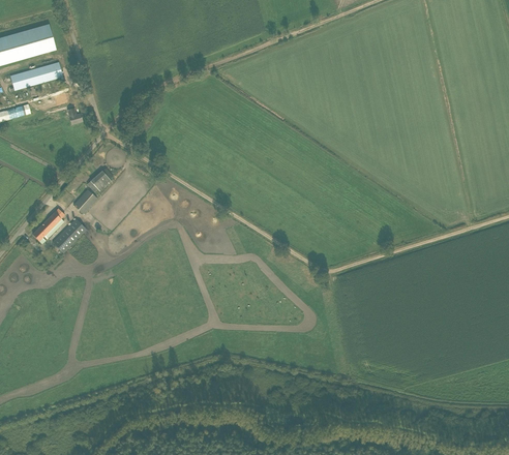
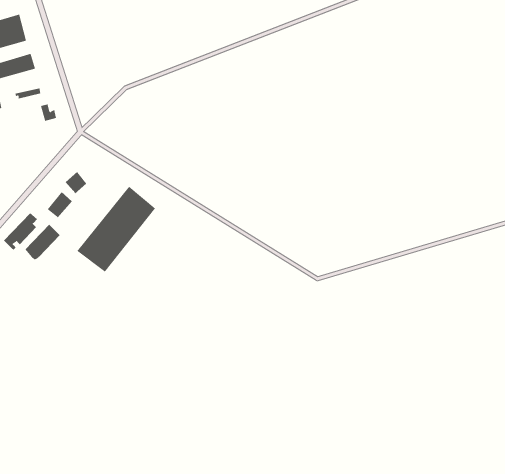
building: none -> [76,186,156,272]

